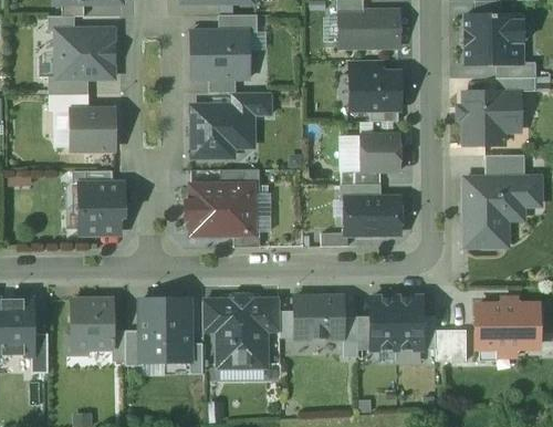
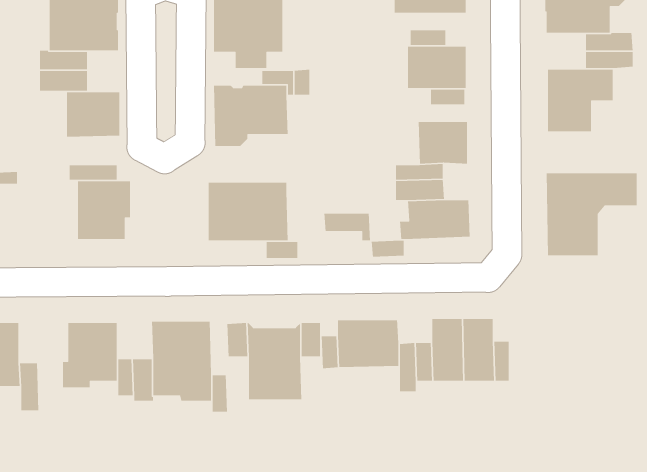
building: [484,155,524,177] -> none
building: [221,169,260,192] -> [324,213,371,241]
building: [476,304,541,346] -> none
building: [435,329,468,361] -> none

